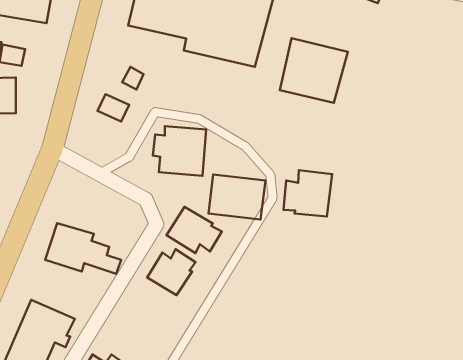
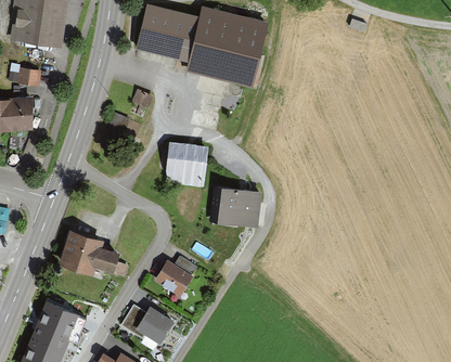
building: [280,38,348,103] -> none
building: [283,170,332,216] -> none
building: [166,207,222,253] -> none
building: none -> [119,303,175,345]

